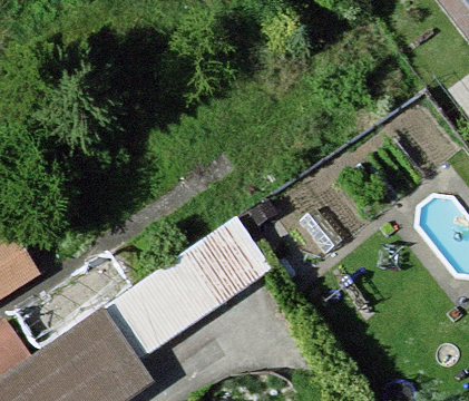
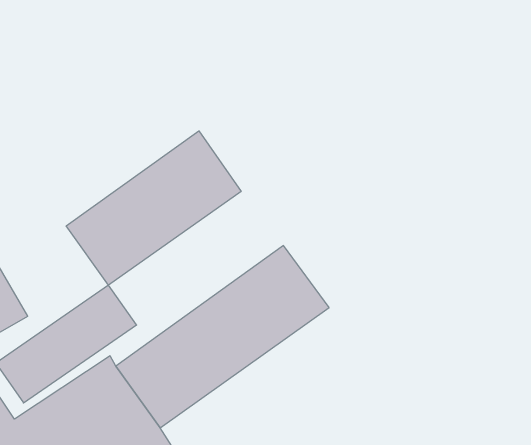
building: none -> [66,131,241,285]

